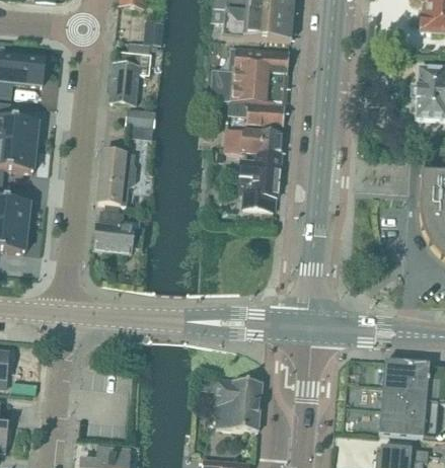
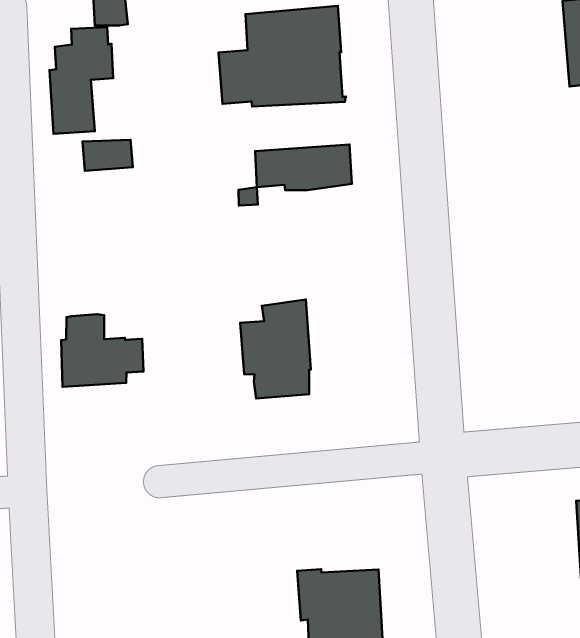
building: [227,102,283,128] -> none
building: [98,151,136,211] -> none
building: [237,156,280,212] -> [240,299,311,398]

